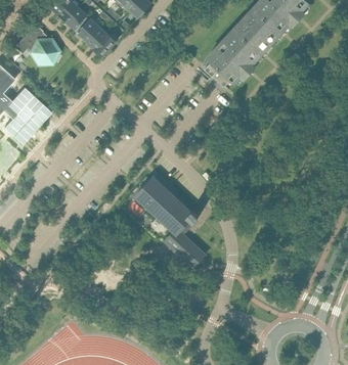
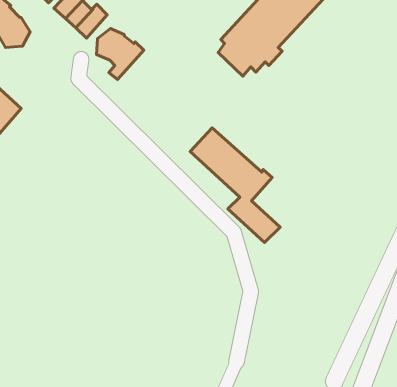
building: none -> [97,29,144,79]
building: [135,177,206,267] -> [190,128,280,243]

